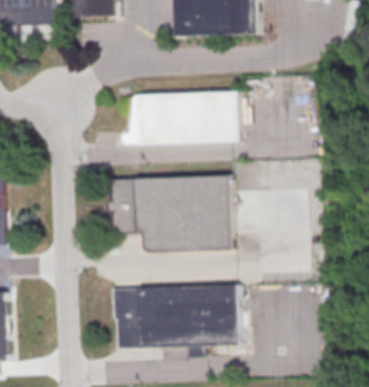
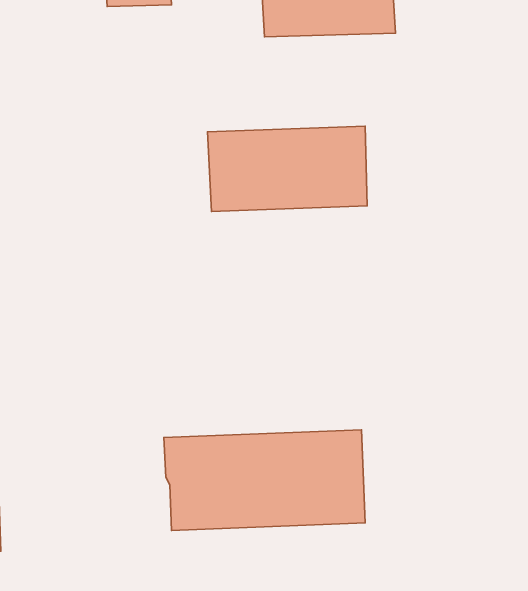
building: [108,175,230,250] -> none

